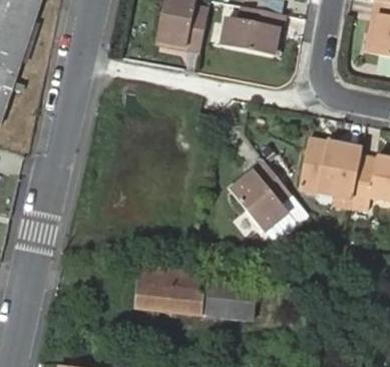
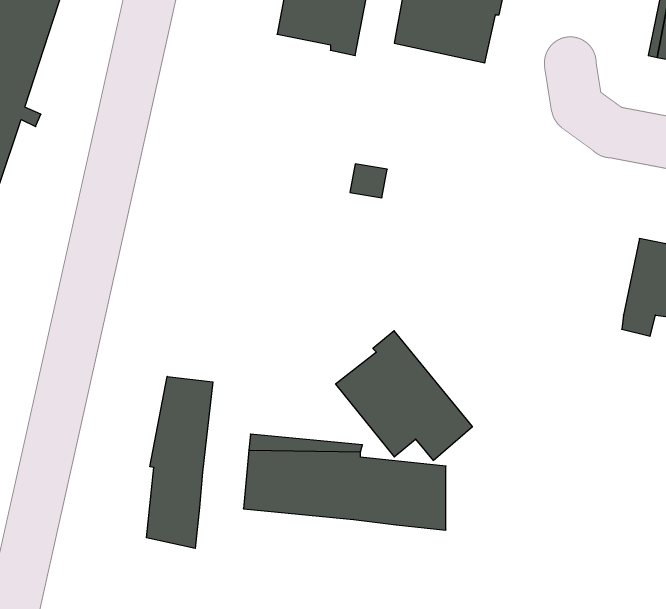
building: [299,138,363,199] -> none
building: [232,160,309,234] -> [336,331,472,460]
building: none -> [146,376,213,548]

